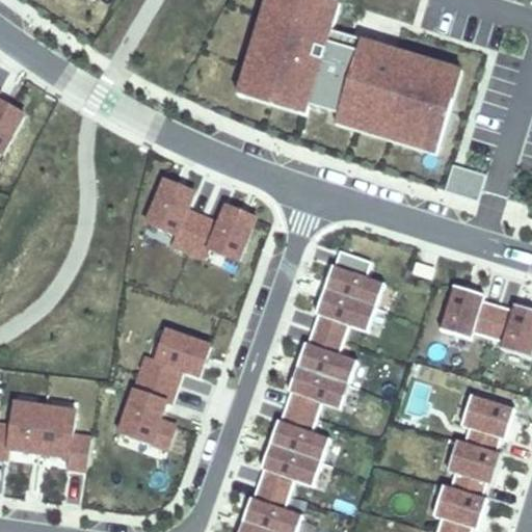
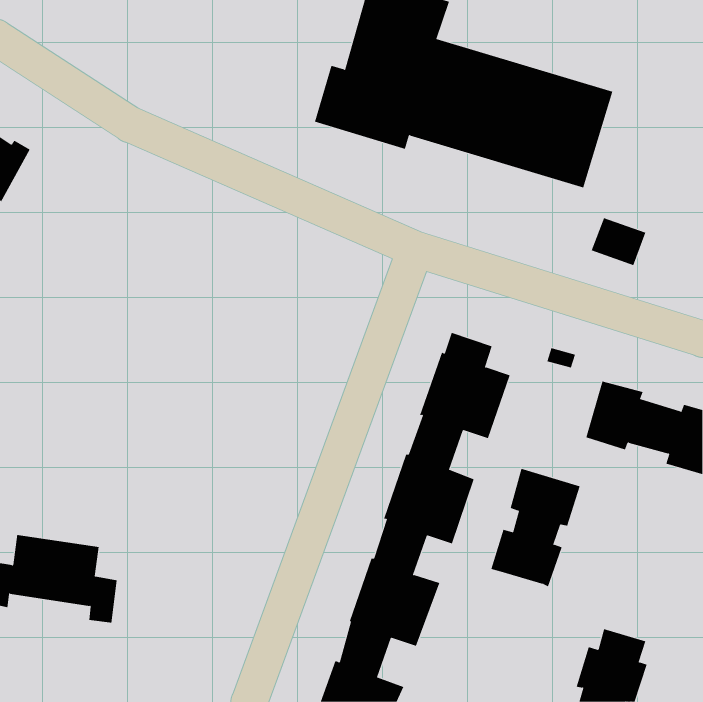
building: [144,178,254,258] -> none
building: [119,328,209,446] -> none
building: [446,394,513,483] -> [490,468,580,587]

